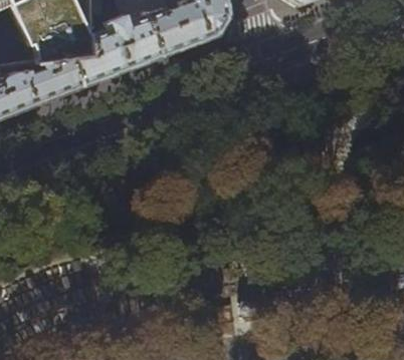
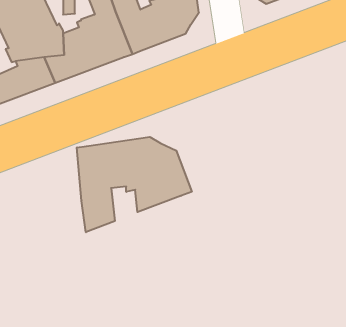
building: none -> [77,137,192,232]

